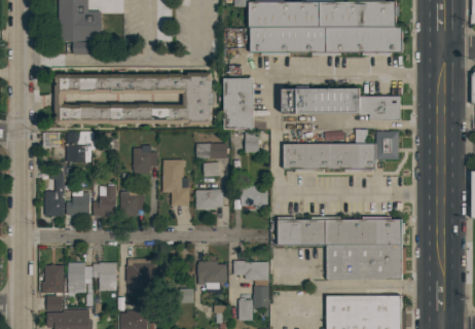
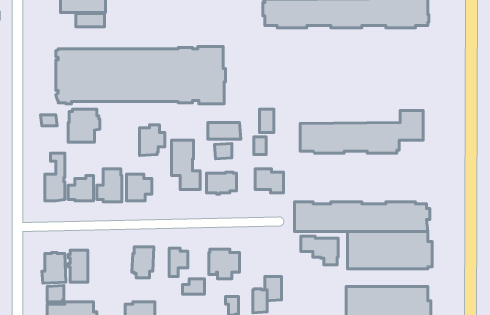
building: [224,77,253,130] -> none
building: [282,85,400,120] -> none
building: [233,260,268,287] -> [301,236,338,265]
building: [93,262,116,290] -> none

